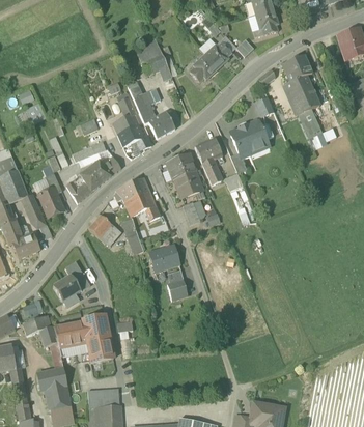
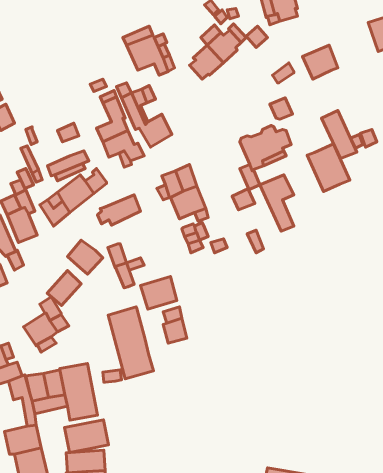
building: [284,75,319,114] -> [307,144,350,192]
building: [194,138,222,184] -> [260,175,294,231]
building: [124,191,160,220] -> none
building: none -> [47,271,81,305]
building: none -> [108,307,153,379]
building: none -> [65,420,108,453]

